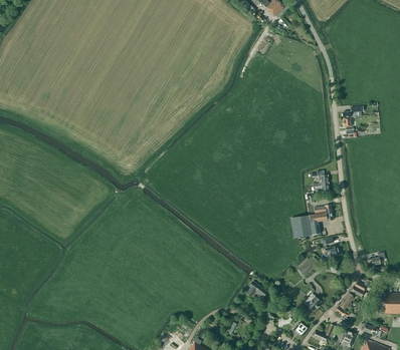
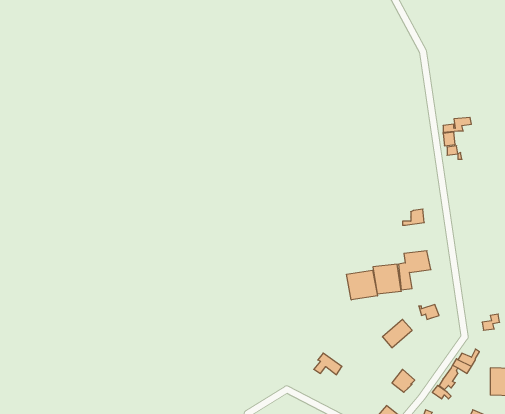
building: none -> [347,270,377,300]

